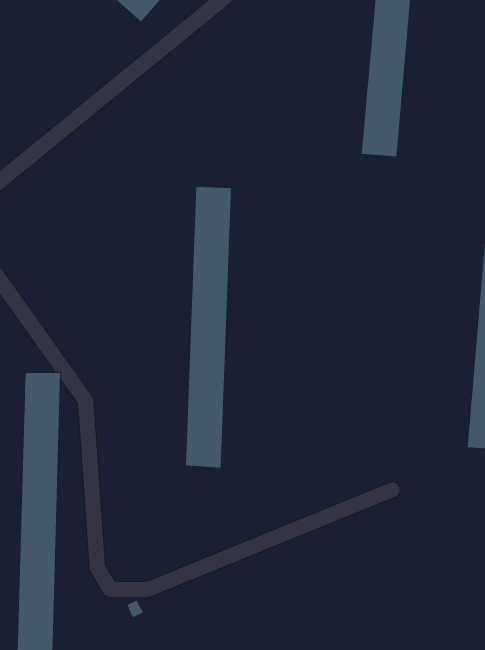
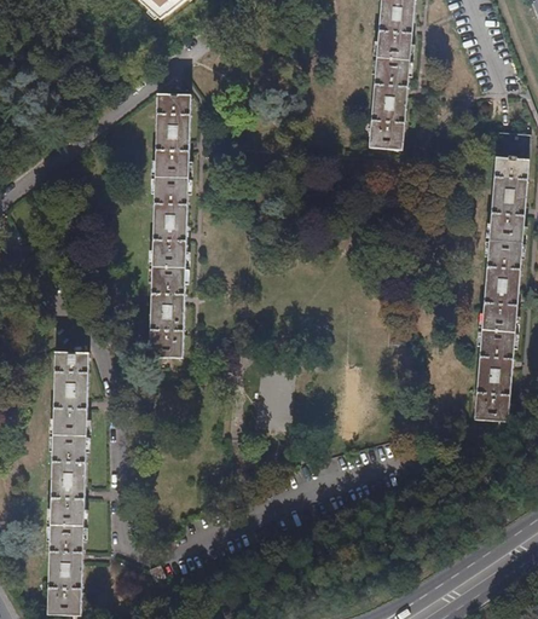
building: [185,187,232,468] -> [149,94,192,358]

